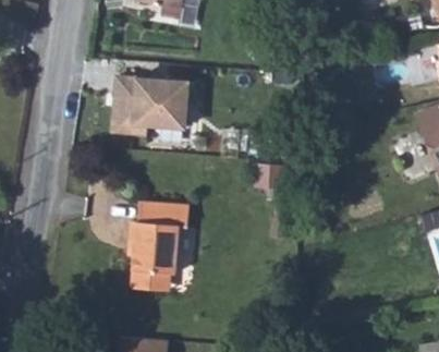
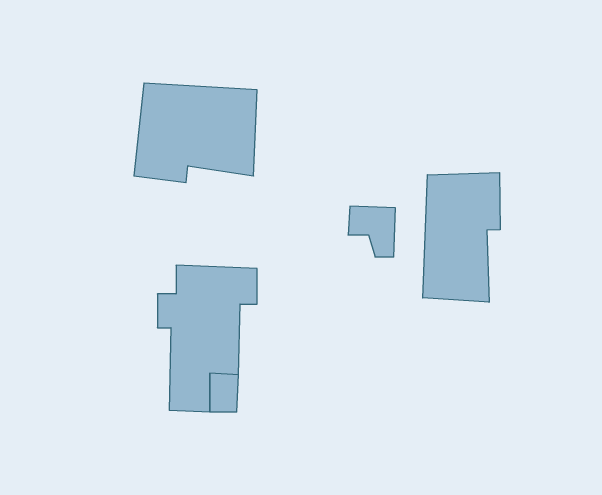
building: none -> [423,173,500,302]

